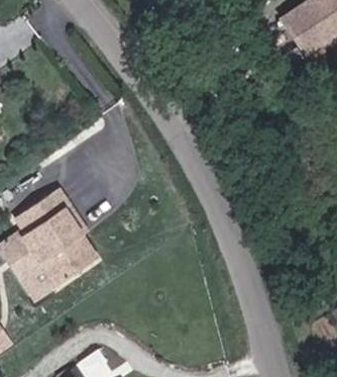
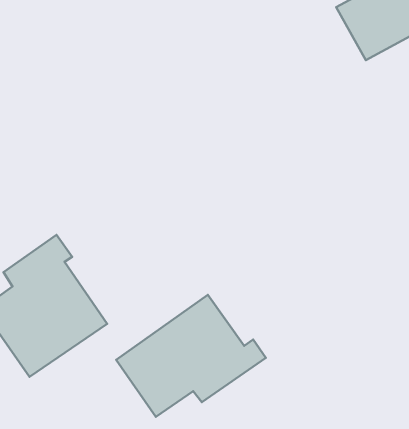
building: none -> [116,295,266,417]

